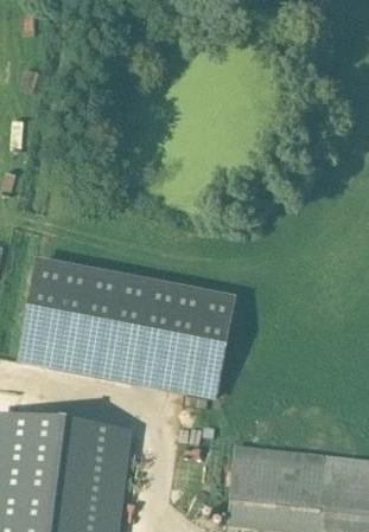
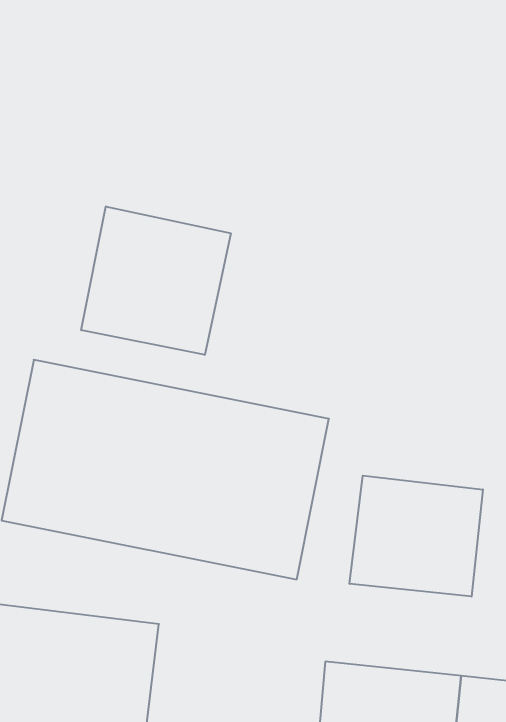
building: none -> [81,206,231,355]
building: none -> [350,476,483,597]

